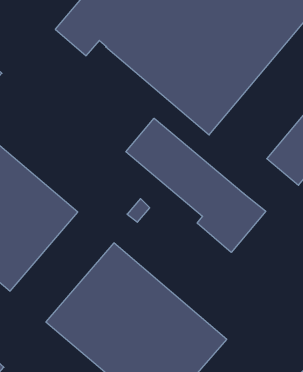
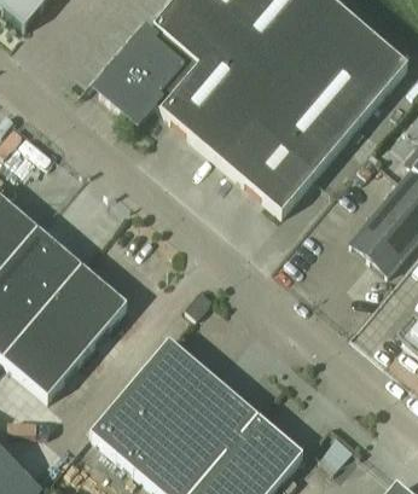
building: [126,118,266,252] -> none

